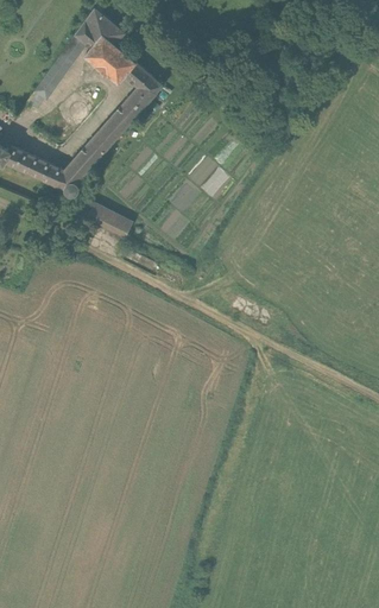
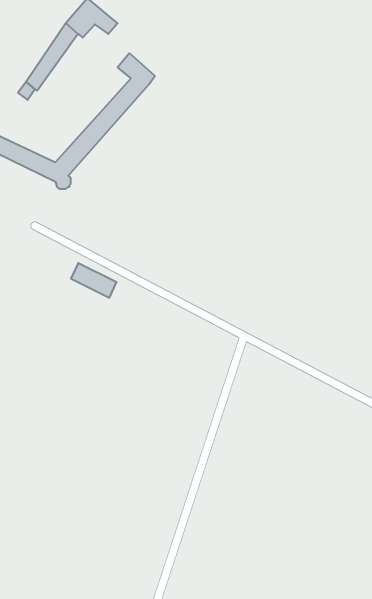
building: [86,34,137,83] -> none
building: [83,204,128,239] -> [71,263,117,298]

